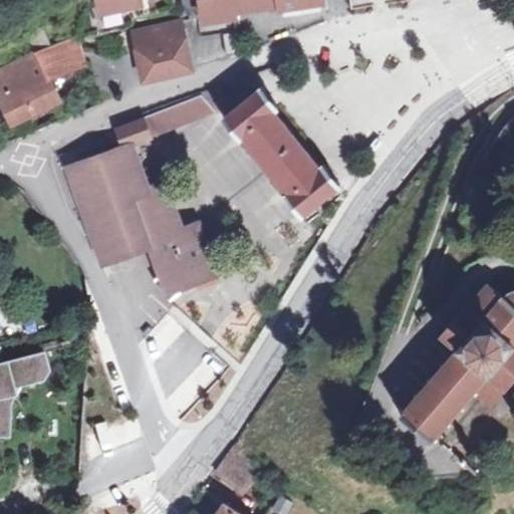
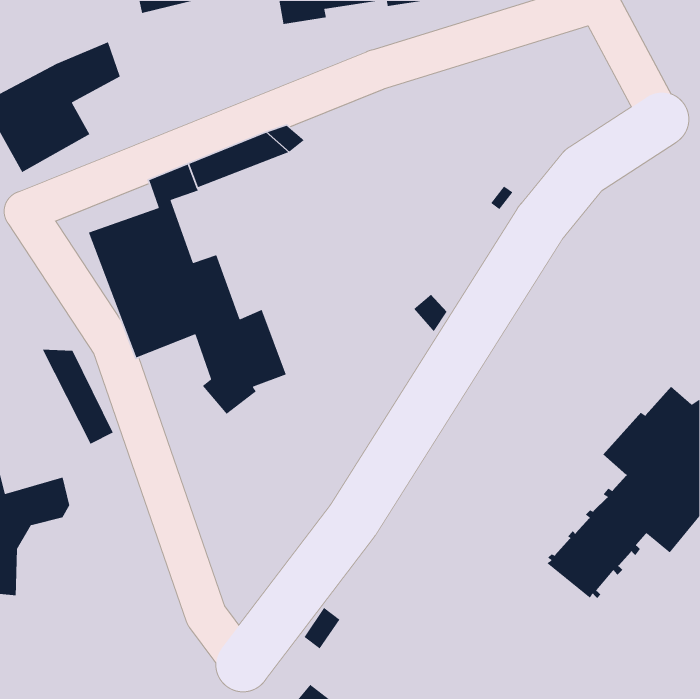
building: [137,21,195,78] -> none
building: [218,89,336,219] -> none
building: none -> [41,349,114,445]

